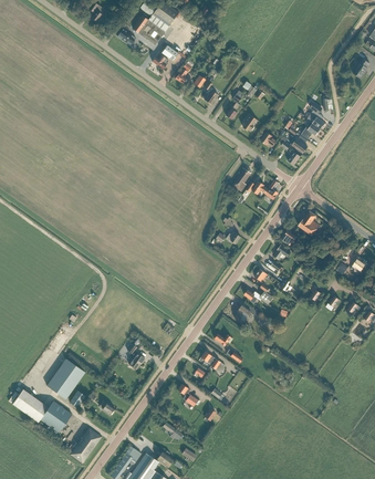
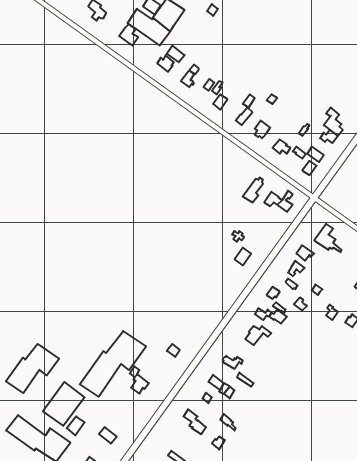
building: none -> [80,331,146,397]
building: none -> [6,344,59,393]

